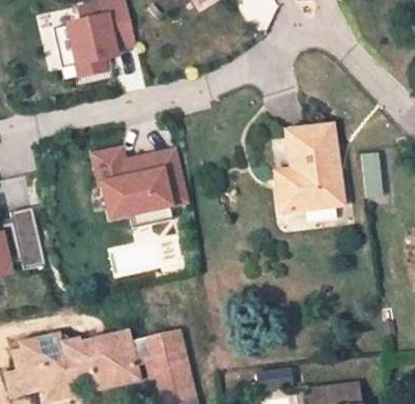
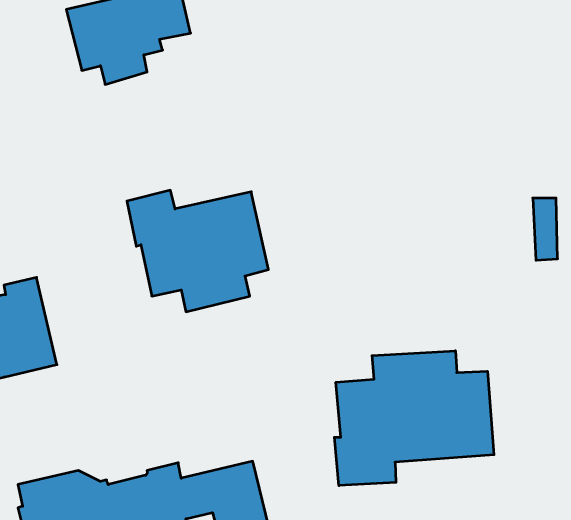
building: [276,125,341,211] -> none
building: none -> [334,351,494,486]

